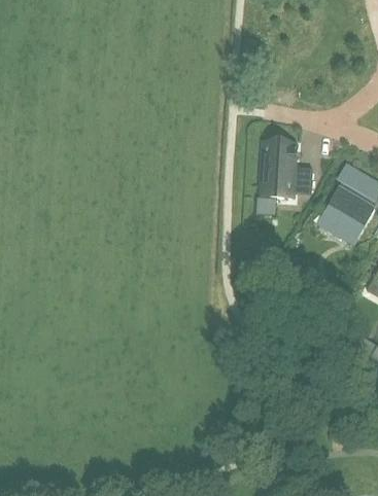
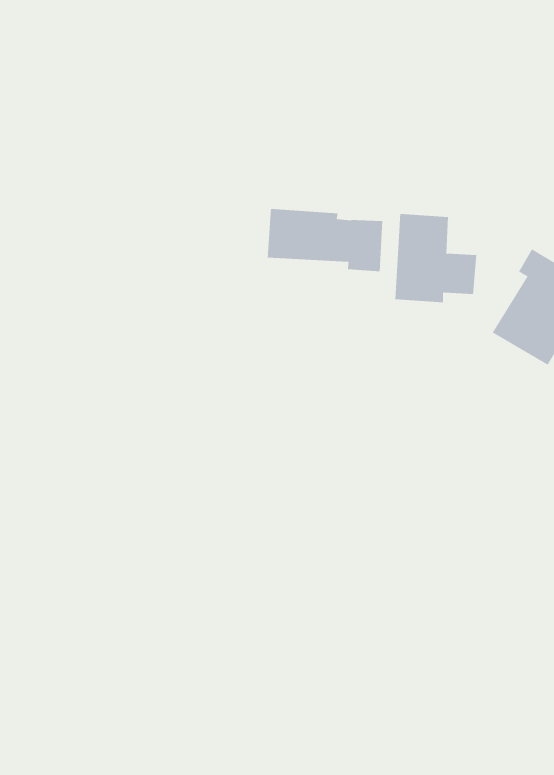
building: none -> [267,208,383,272]

